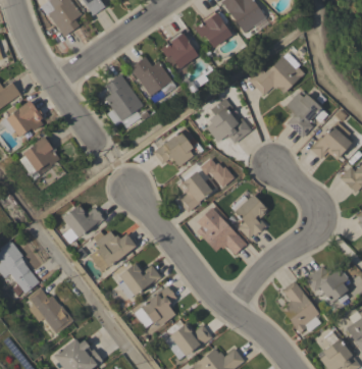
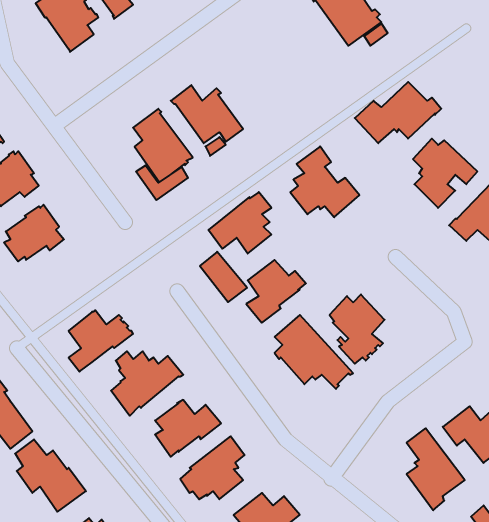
building: [195,11,231,48] -> none
building: [161,32,198,77] -> none
building: [202,156,232,189] -> [200,252,247,302]

